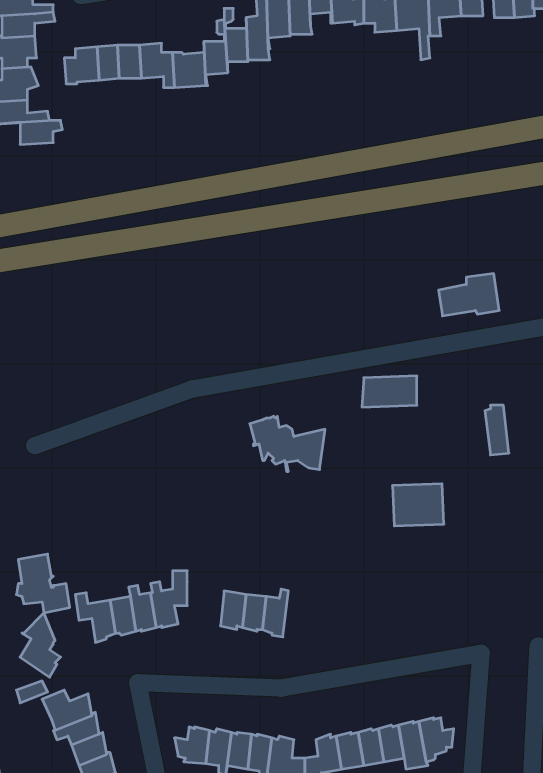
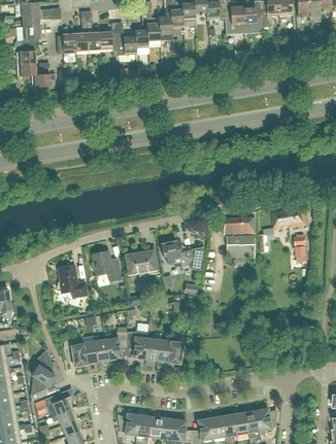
building: [439,274,499,316] -> [271,204,305,228]
building: none -> [126,247,158,275]
building: none -> [90,250,122,281]
building: [392,484,444,526] -> [226,235,255,259]
building: [16,554,70,613] -> [57,265,87,298]
building: none -> [126,330,147,357]

